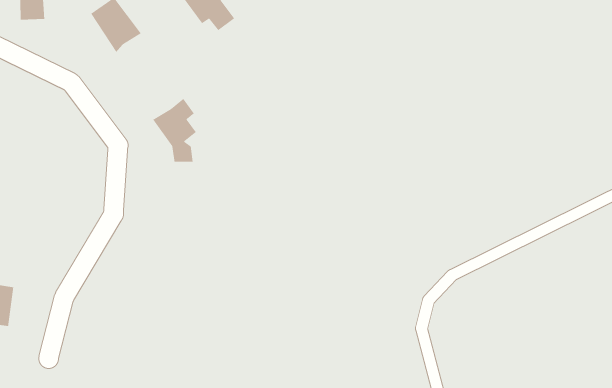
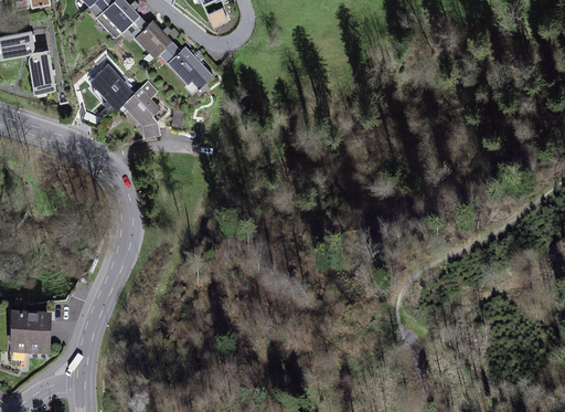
building: [152,98,197,163] -> [121,84,160,139]

